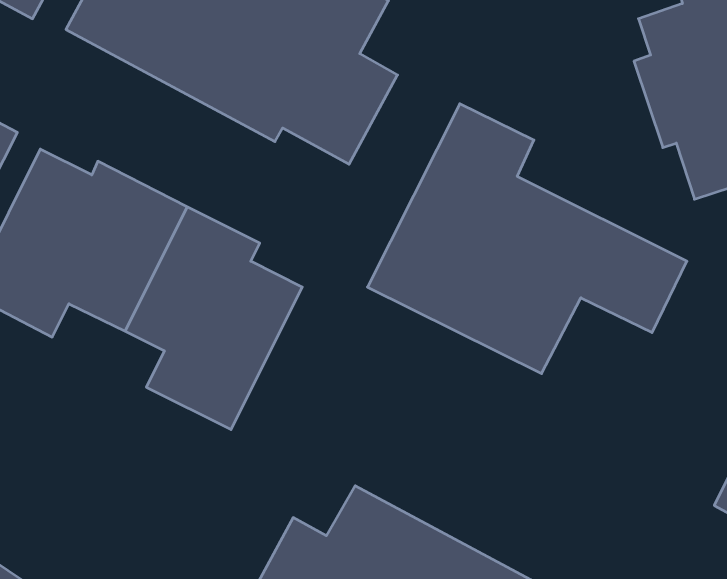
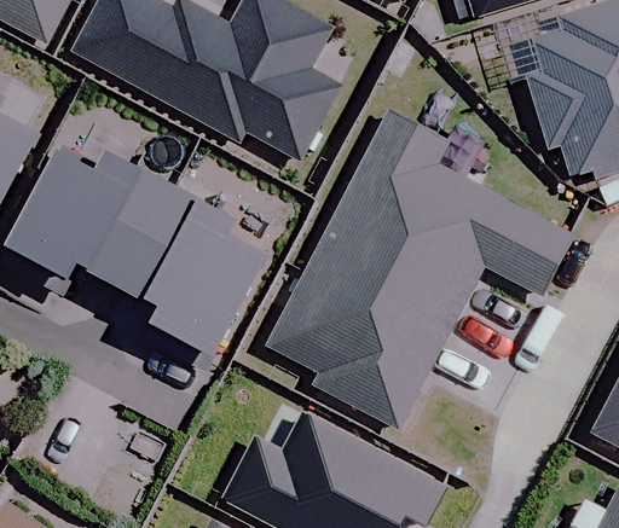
building: none -> [267,254,453,427]

